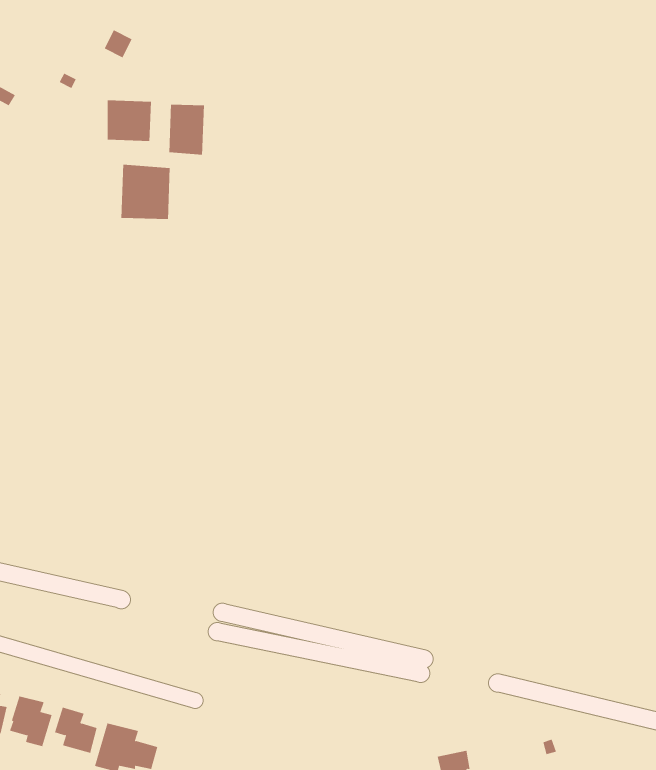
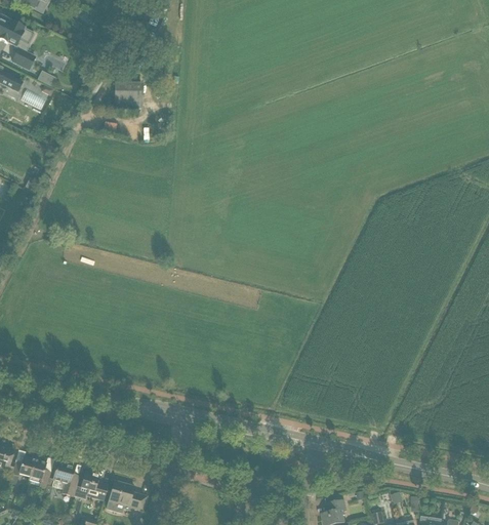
building: [169,104,204,156] -> none
building: [121,164,170,220] -> none

